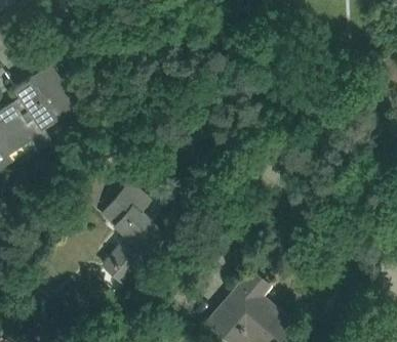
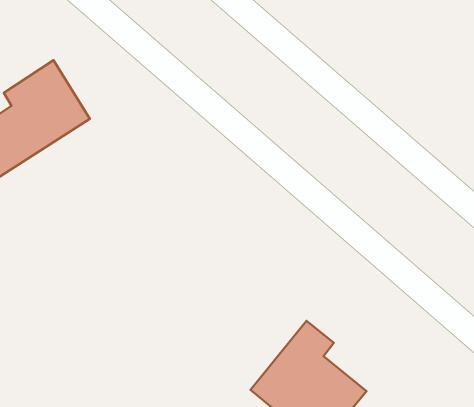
building: [100,182,170,286] -> none

